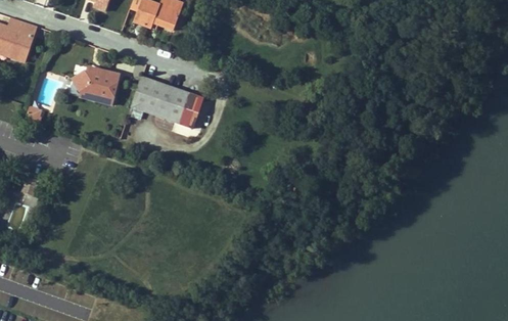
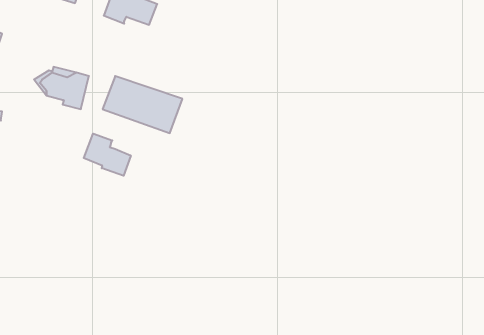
building: none -> [84,134,131,176]

